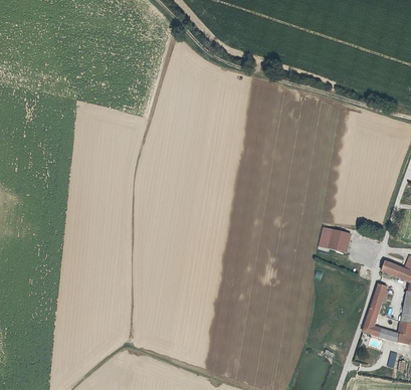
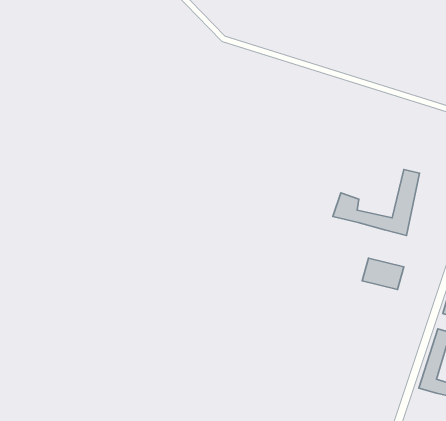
building: none -> [333,169,420,235]

